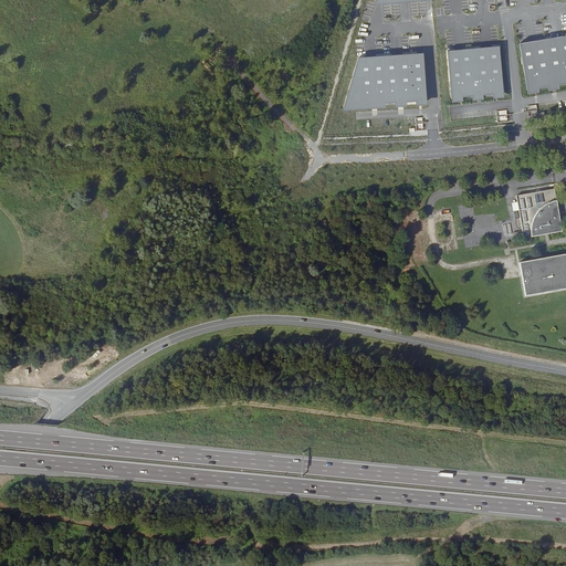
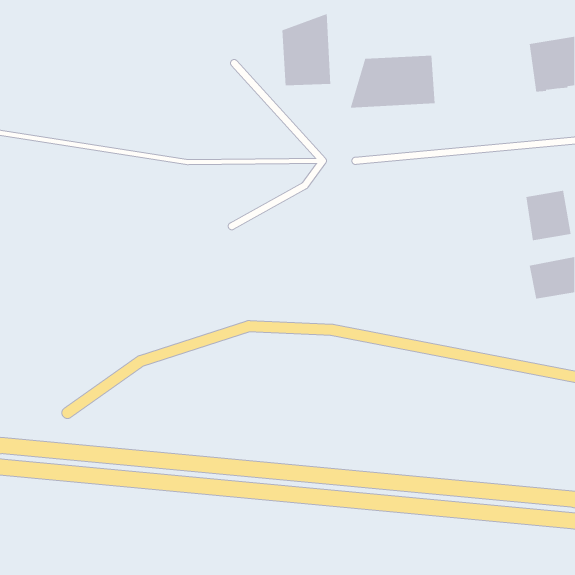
building: none -> [282,13,331,86]
building: [447,45,505,98] -> none

